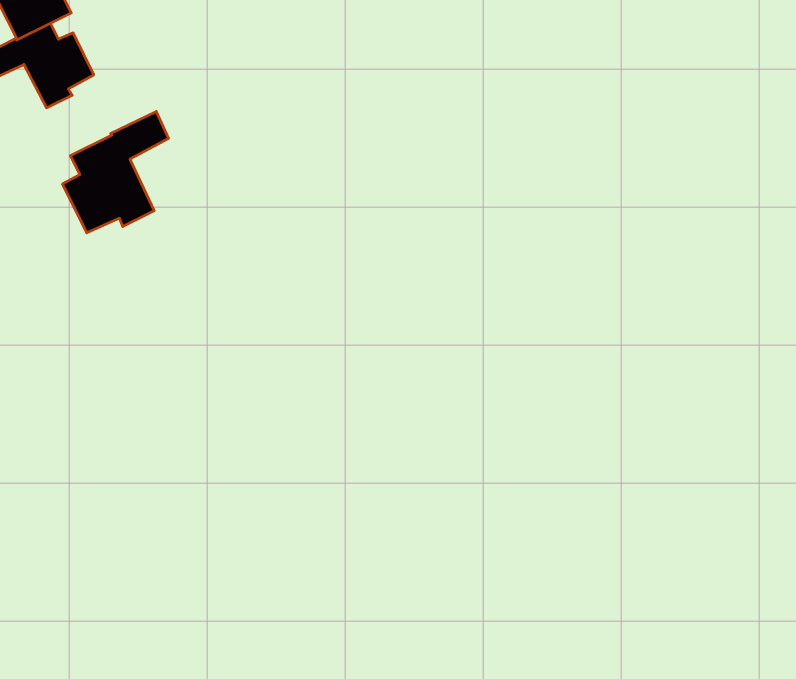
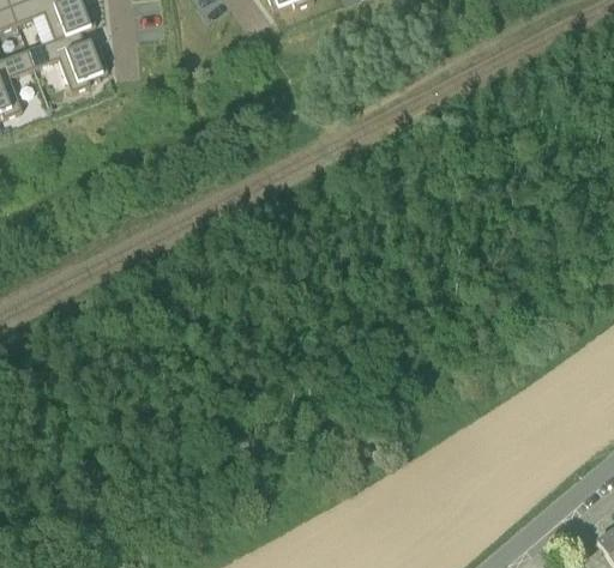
building: [63,111,168,233] -> none

